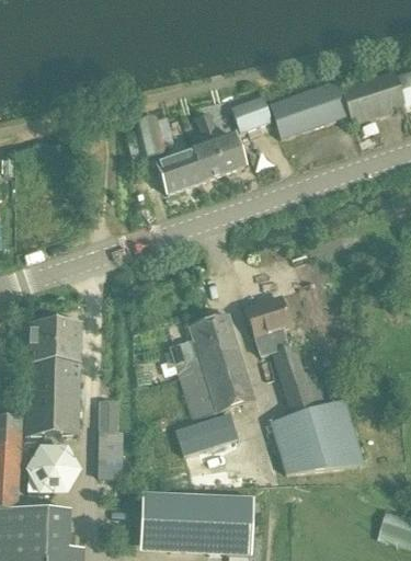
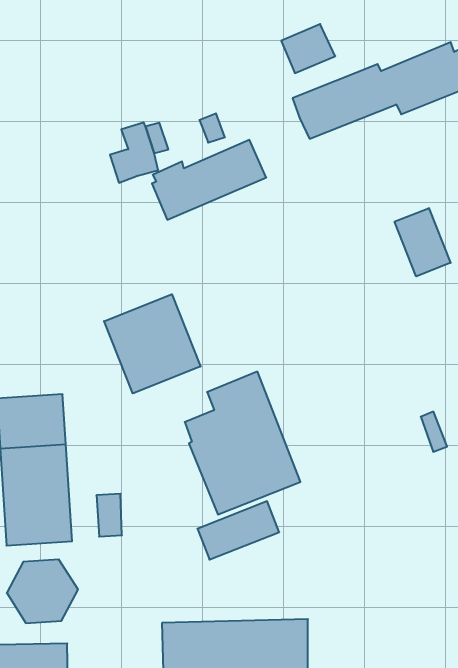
building: [231,95,272,131] -> [281,24,335,73]
building: none -> [395,208,451,276]
building: none -> [104,294,201,393]
building: [246,297,364,472] -> none
building: [98,431,123,478] -> none

